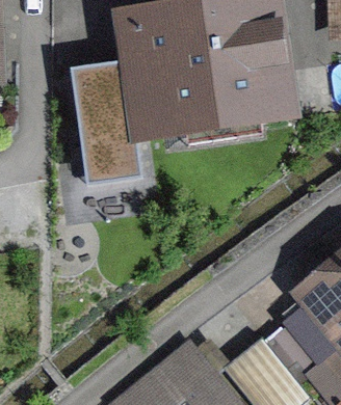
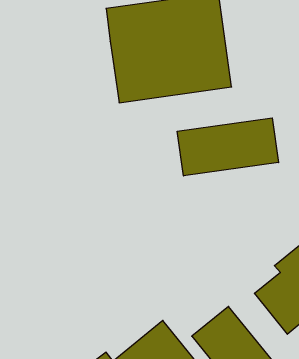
building: [71,58,142,182] -> none
building: none -> [177,118,279,176]

